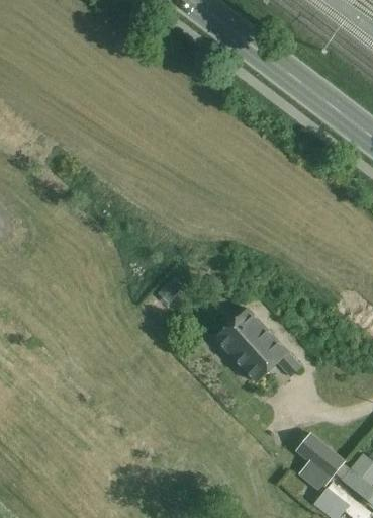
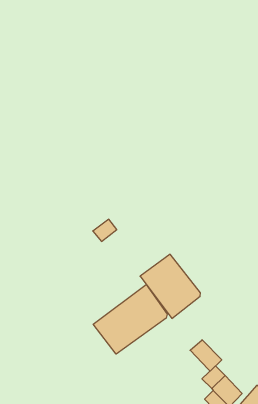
building: none -> [93,284,167,354]
building: none -> [190,340,222,371]

